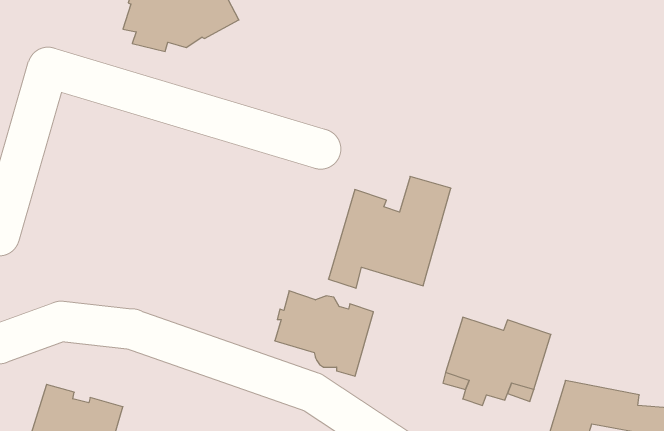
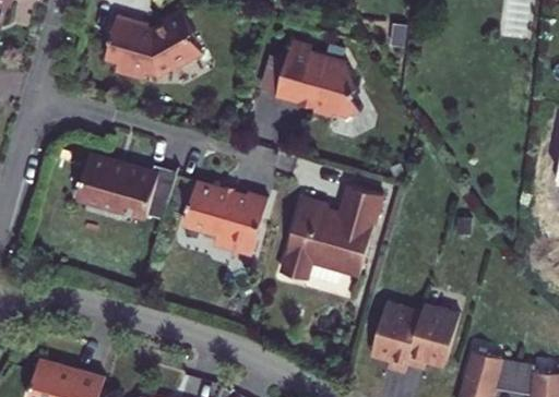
building: none -> [275,41,359,118]
building: none -> [79,155,177,219]
building: [275,291,373,376] -> [185,181,266,252]

